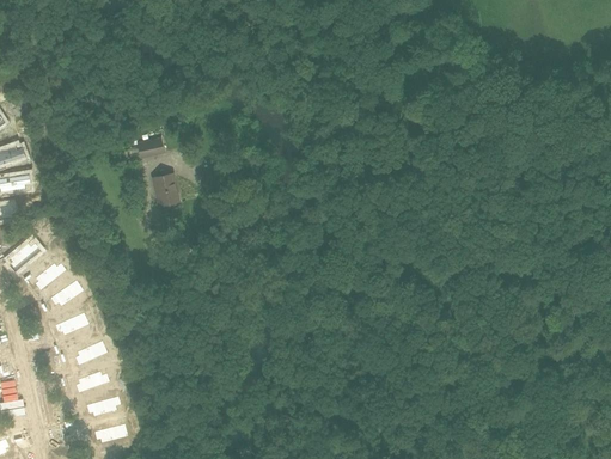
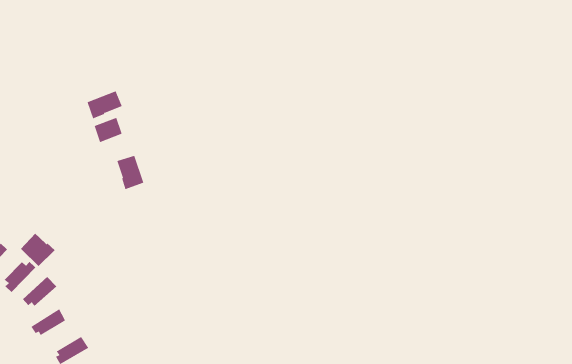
building: none -> [87,91,122,119]
building: none -> [20,233,55,267]

